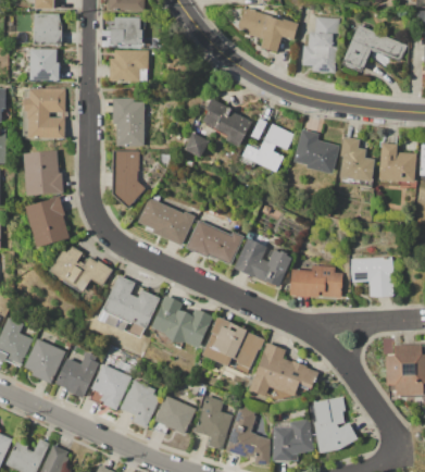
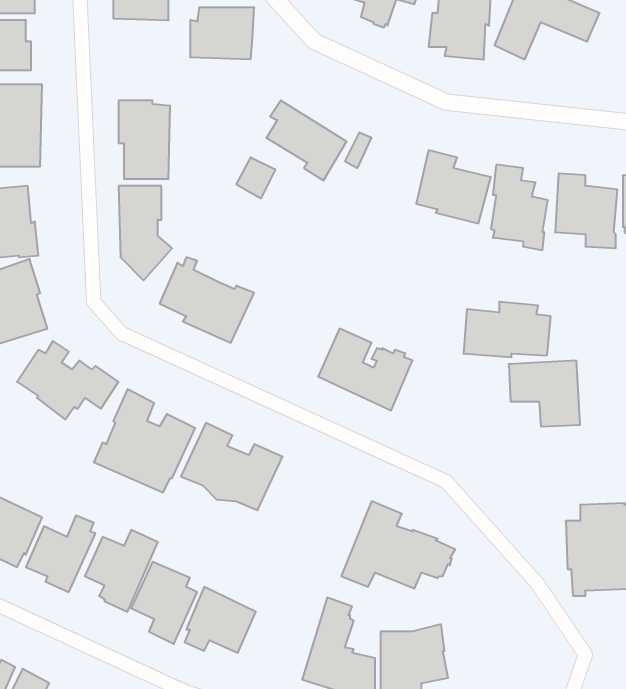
building: [109,50,148,82] -> [190,7,254,59]
building: [239,123,292,172] -> none
building: [185,220,242,264] -> none
building: [289,264,342,298] -> [463,302,551,357]
building: [200,316,263,374] -> none
building: [195,395,232,449] -> none
building: [305,397,357,452] -> none

